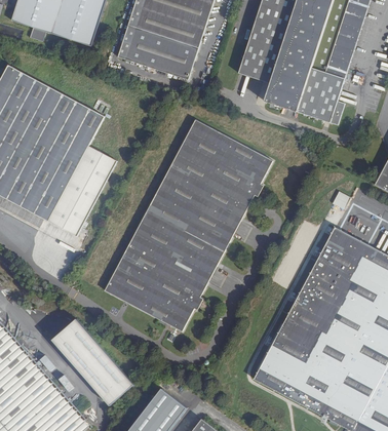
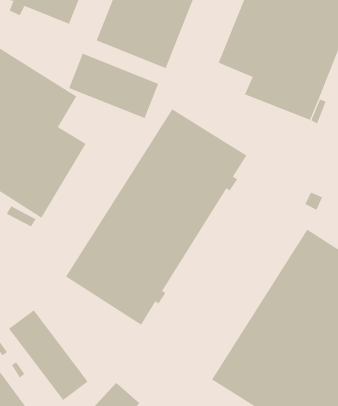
building: none -> [69,53,159,119]

